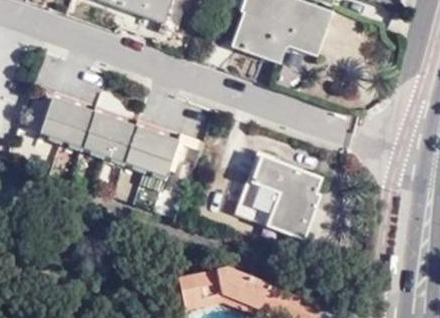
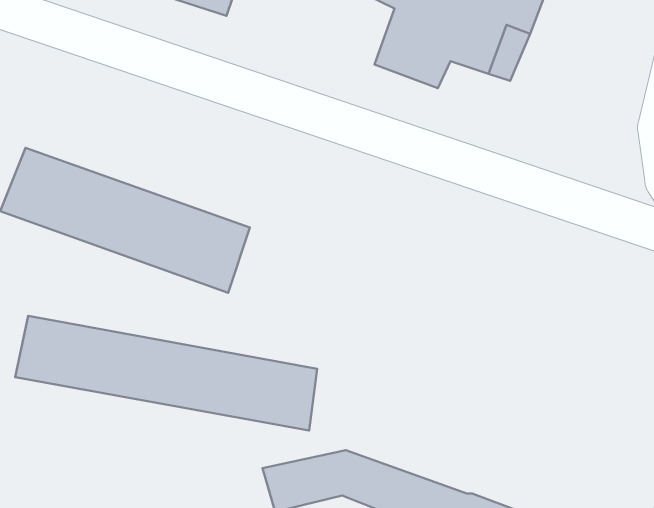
building: [232,153,321,239] -> none
building: none -> [15,316,317,431]

